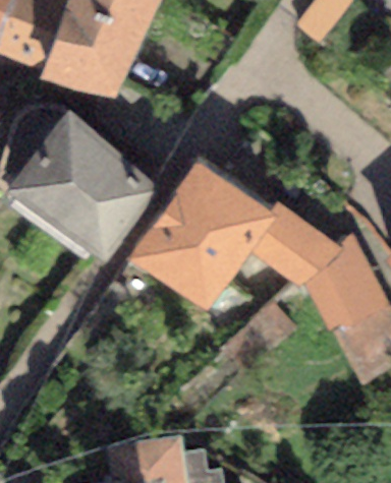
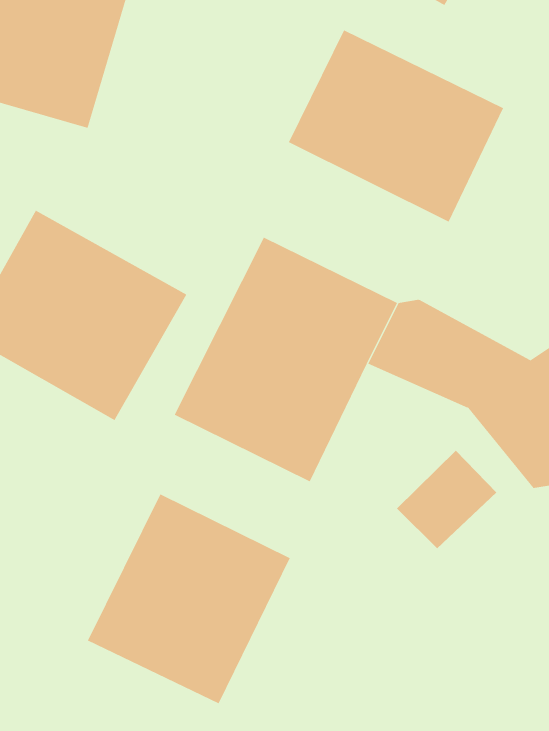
building: none -> [288,29,504,222]
building: none -> [87,494,290,704]

